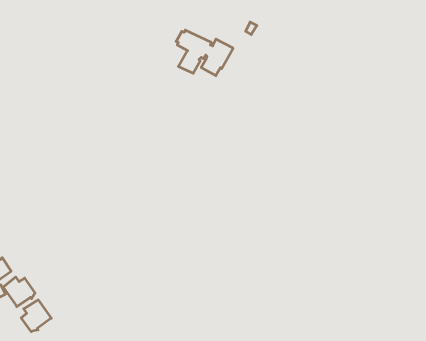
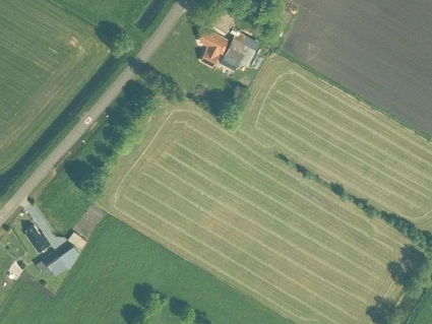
building: [21,300,51,332] -> none

